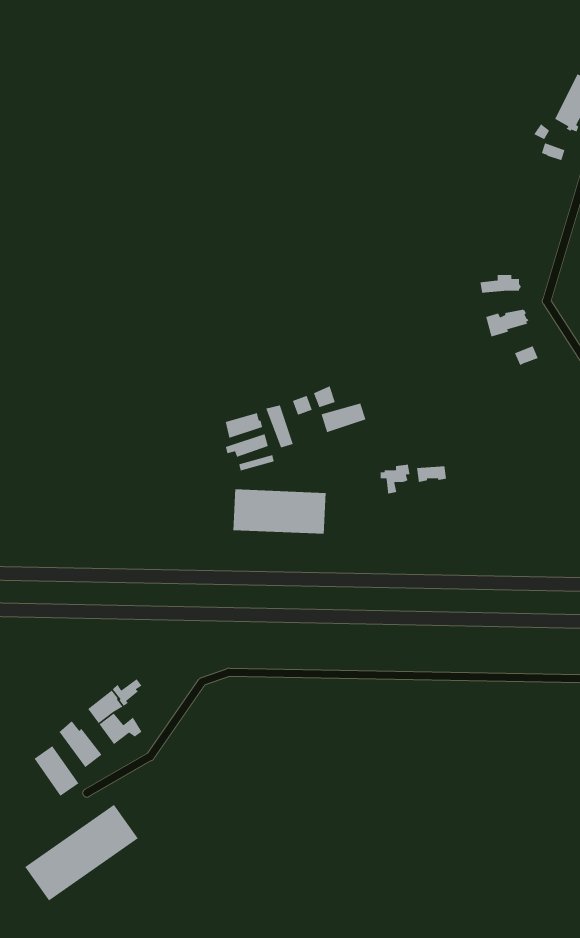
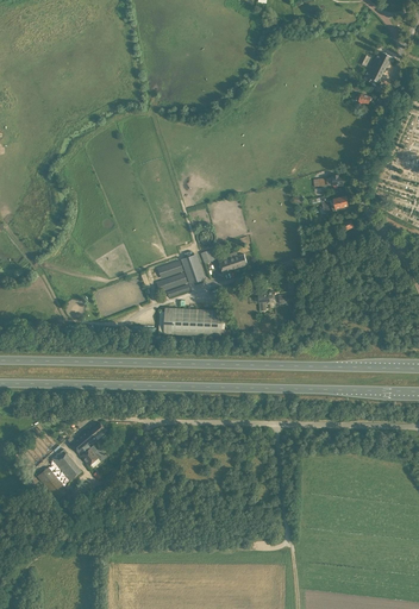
building: [24,804,139,901] -> none

